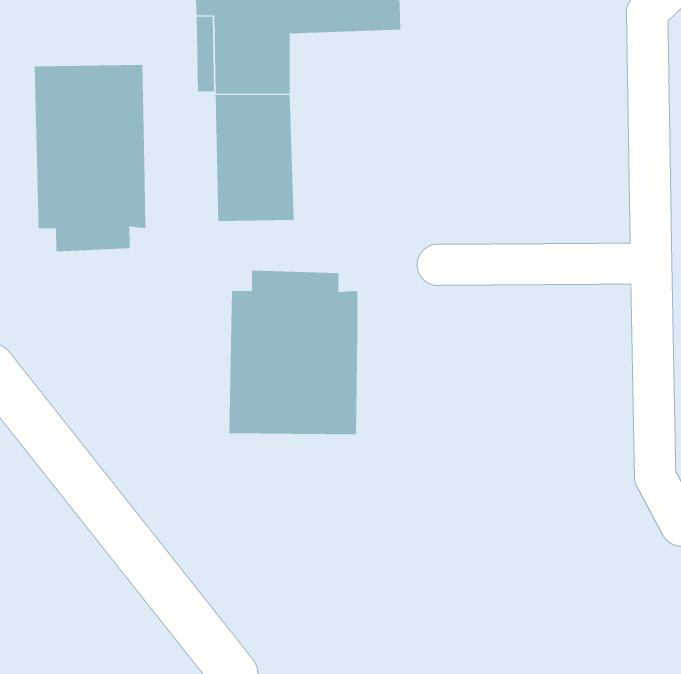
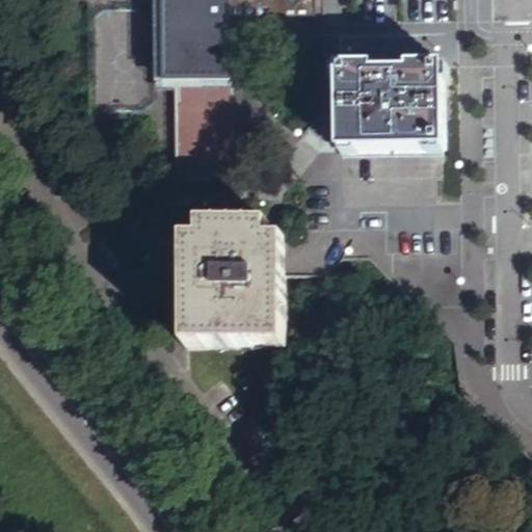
building: [34,64,146,252] -> none
building: none -> [334,57,441,141]

